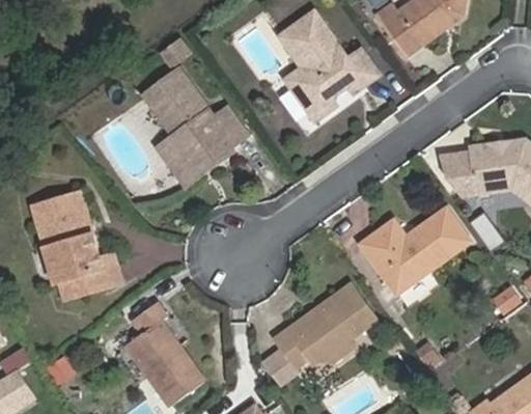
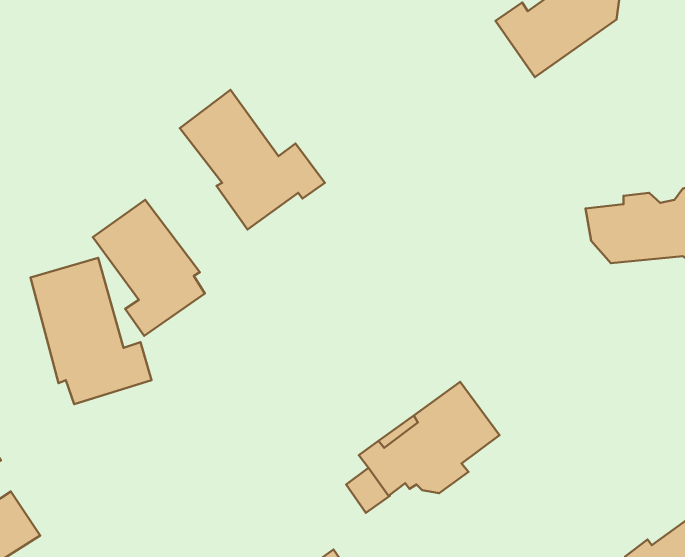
building: [277,9,380,115] -> none
building: none -> [93,200,205,336]
building: [358,206,470,295] -> none
building: [127,301,205,404] -> none

